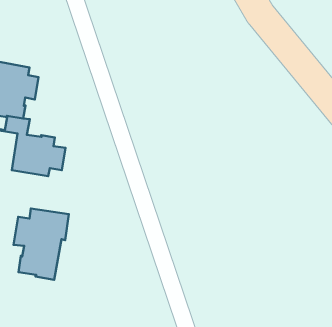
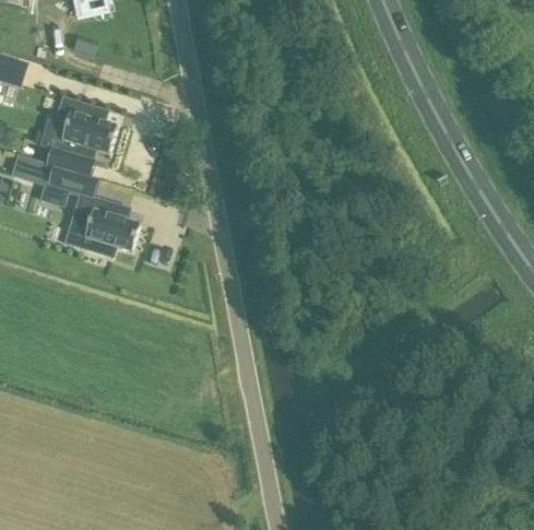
building: [14,209,69,280] -> none

